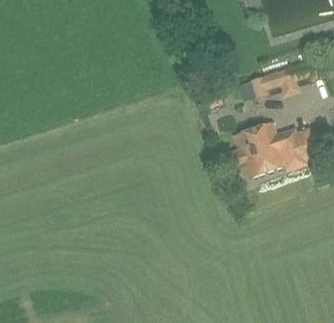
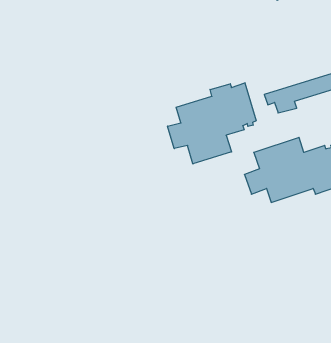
building: none -> [168,83,256,164]

